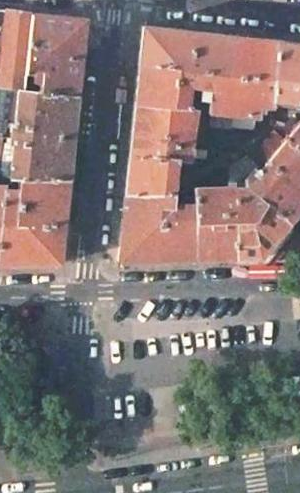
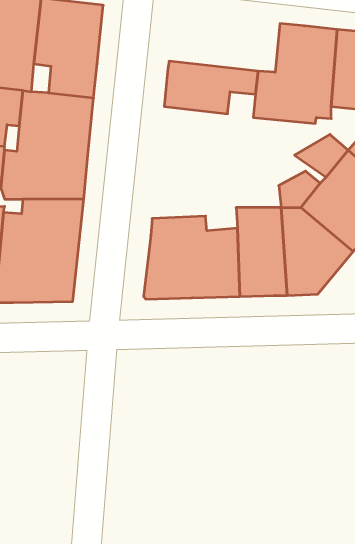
building: [140,28,231,77] -> none
building: [126,105,209,197] -> none

